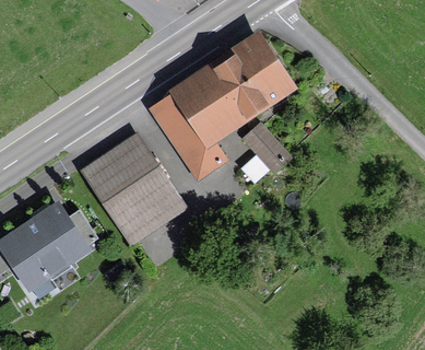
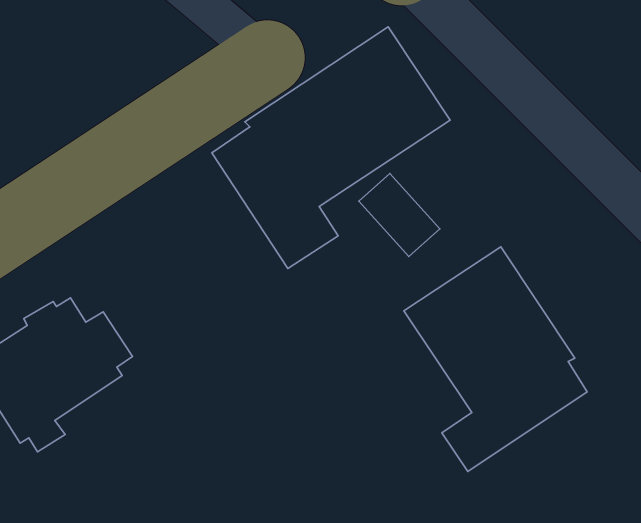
building: [79,132,188,248] -> none
building: none -> [404,247,587,471]

